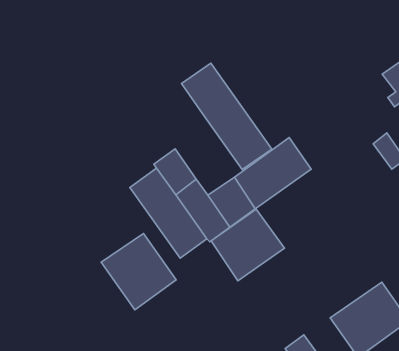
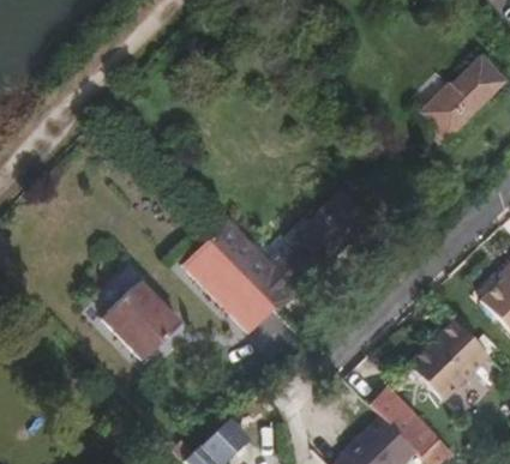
building: [182,63,272,169] -> none
building: [211,209,284,281] -> none
building: [101,233,176,310] -> [101,277,180,356]

